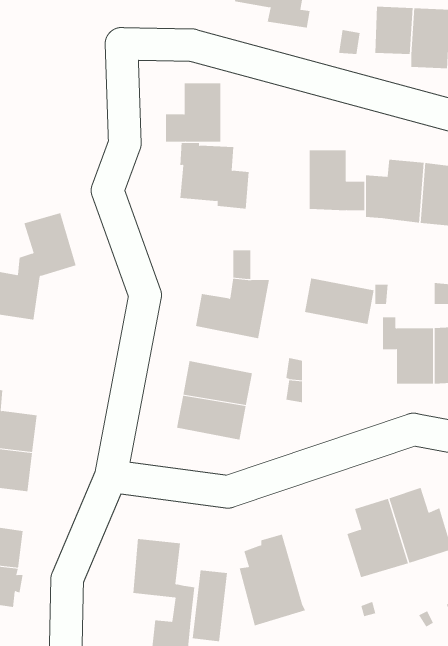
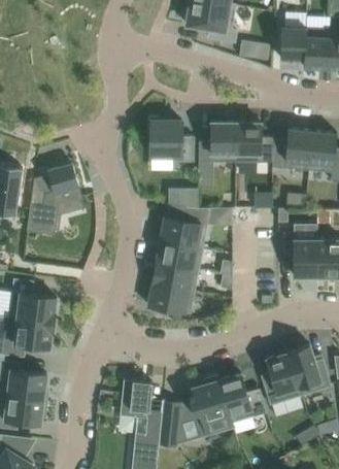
building: [165,83,221,142] -> [198,123,235,162]
building: [304,278,374,325] -> [156,239,202,270]
building: none -> [218,373,266,423]

